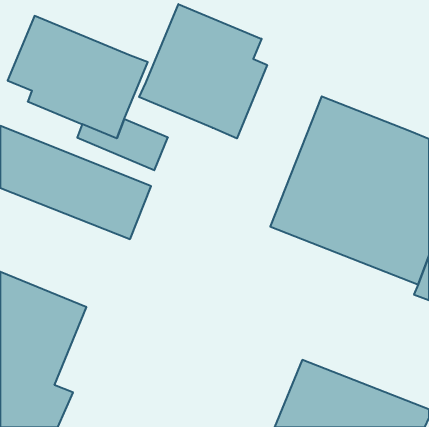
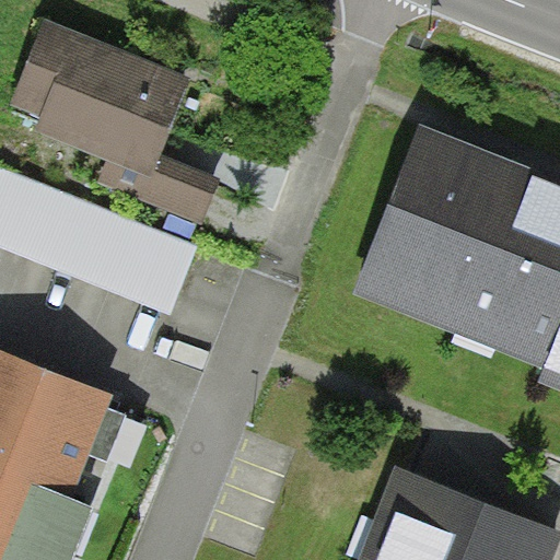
building: [139,4,267,138] -> none

